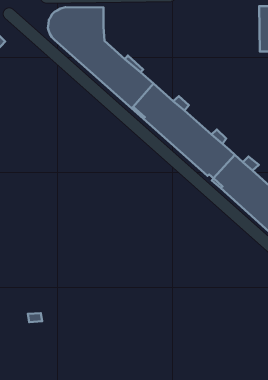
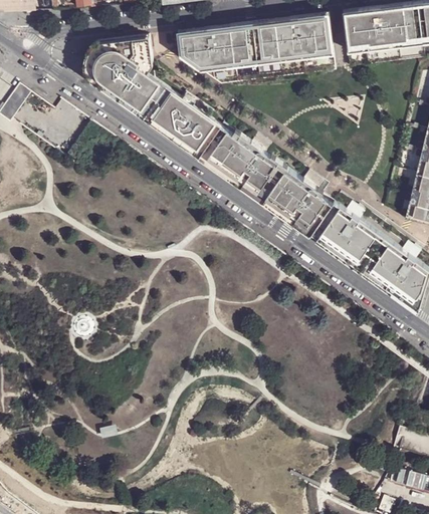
building: none -> [178,12,335,82]

